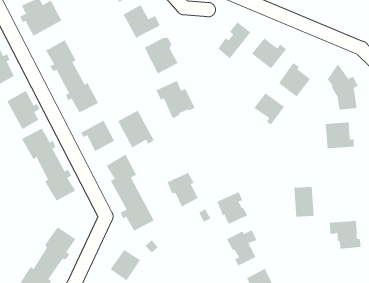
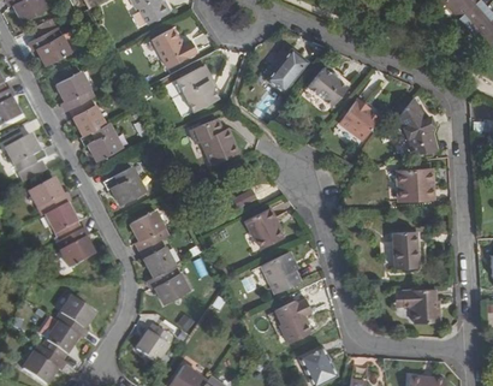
building: [254,92,285,125] -> none
building: [117,110,155,148] -> none
building: [167,172,199,207] -> [243,207,281,249]
building: [294,186,314,217] -> [392,231,417,268]

